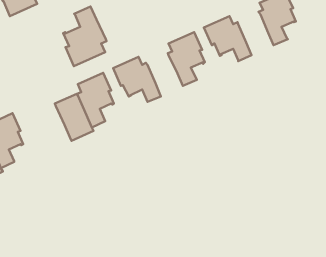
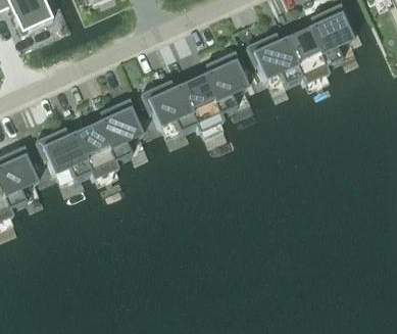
building: [63,7,107,66] -> none
building: none -> [285,29,330,84]
building: none -> [179,77,224,131]
building: none -> [36,129,91,181]

